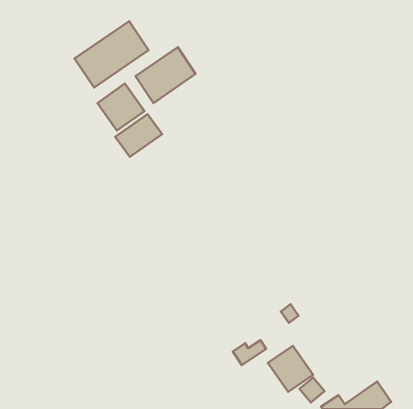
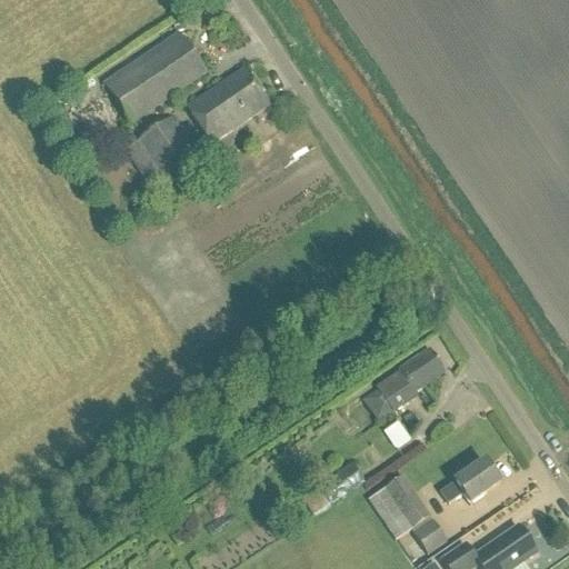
building: [115,114,162,157] -> none
building: none -> [363,346,445,417]
building: none -> [441,457,501,501]

